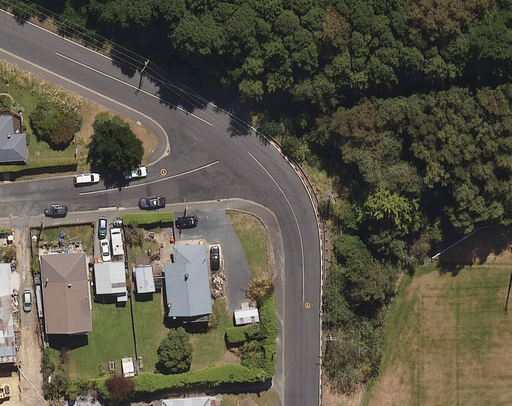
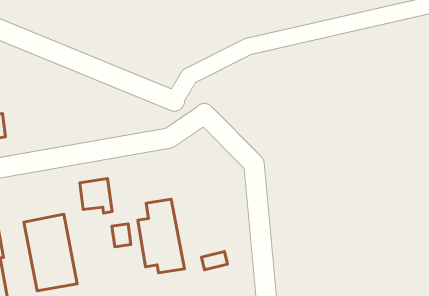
building: [92,262,125,300] -> [80,178,112,213]

